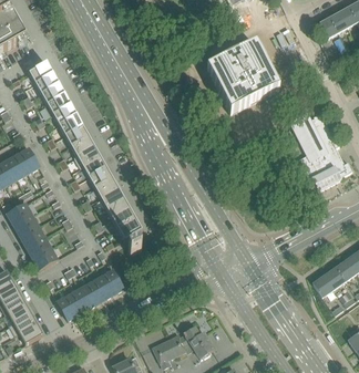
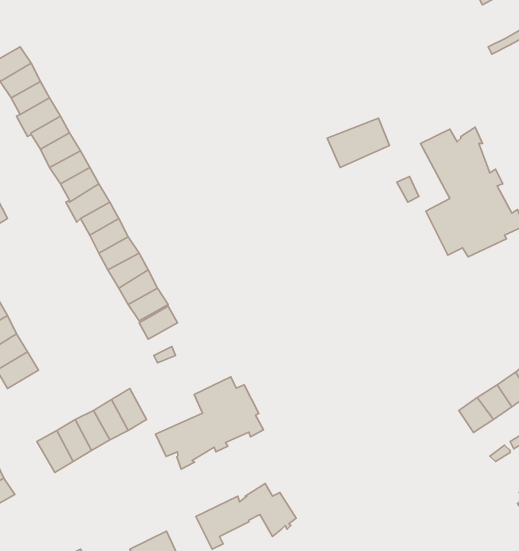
building: [206,43,278,114] -> none
building: none -> [156,377,263,469]

